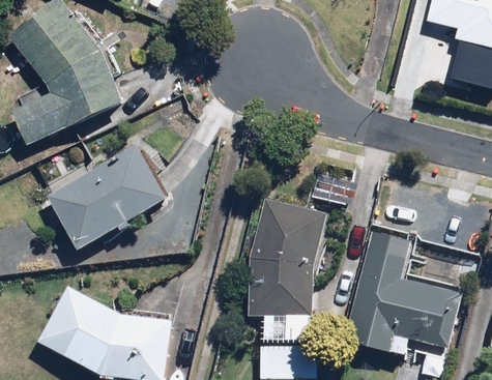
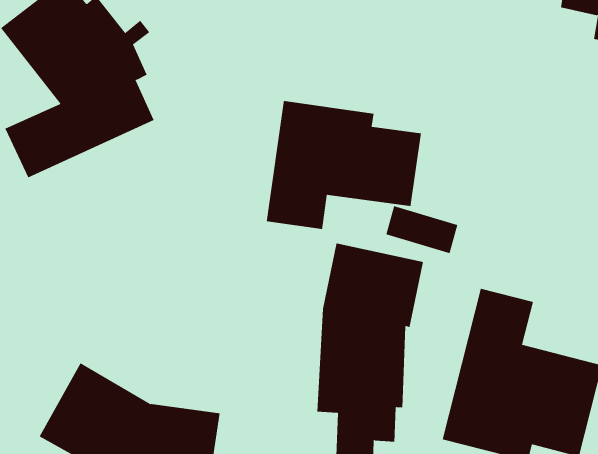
building: none -> [266,100,421,230]
building: [48,144,170,254] -> none

